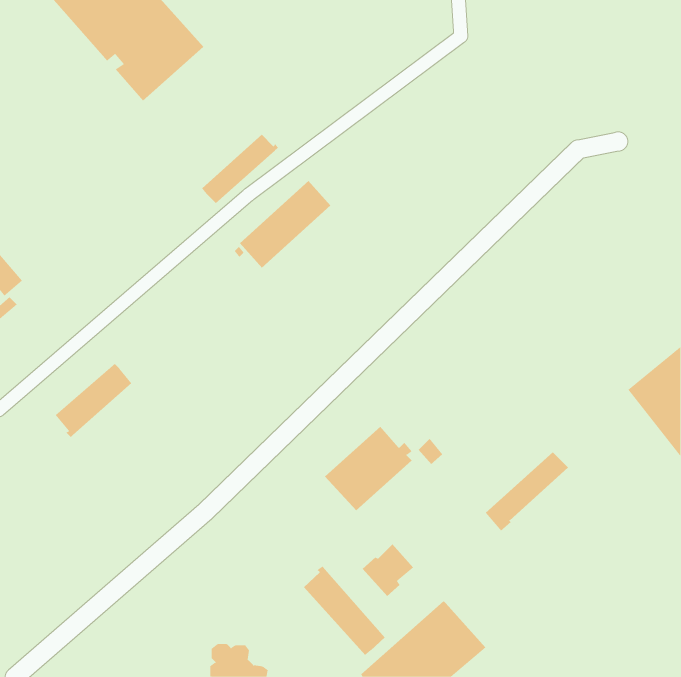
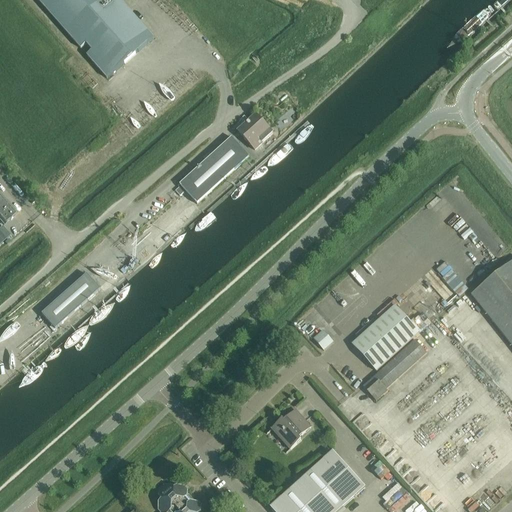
building: [202,134,279,204] -> none
building: none -> [237,112,272,147]
building: [324,426,412,511] -> [352,304,418,368]
building: [303,566,386,656] -> none

